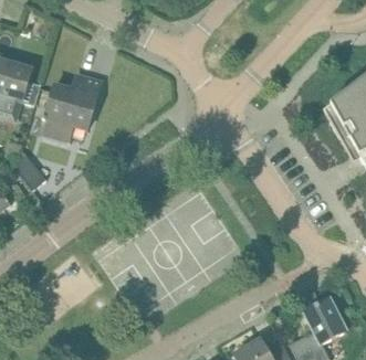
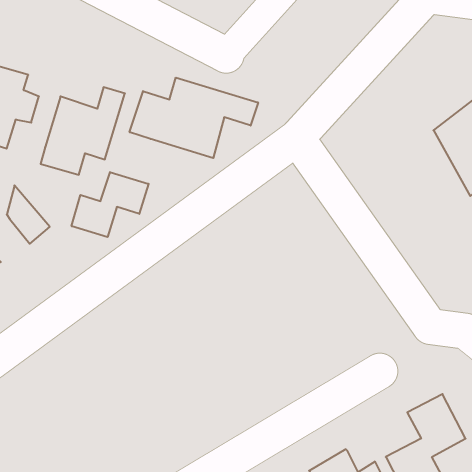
building: none -> [130,78,258,158]
building: none -> [72,172,149,237]

